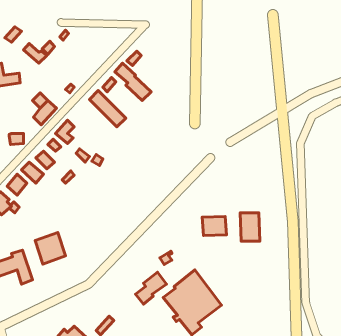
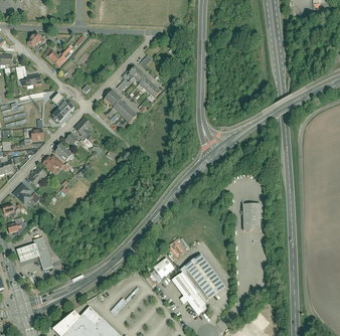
building: [202,216,227,236] -> none
building: [35,232,66,264] -> none

